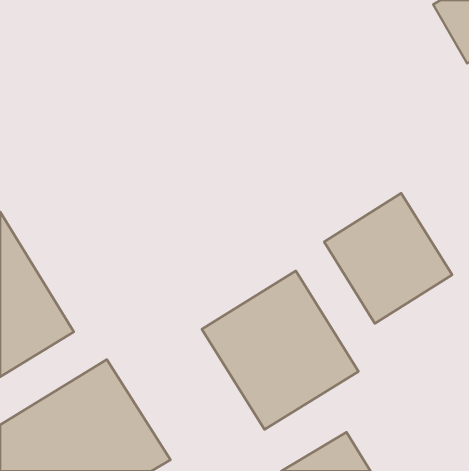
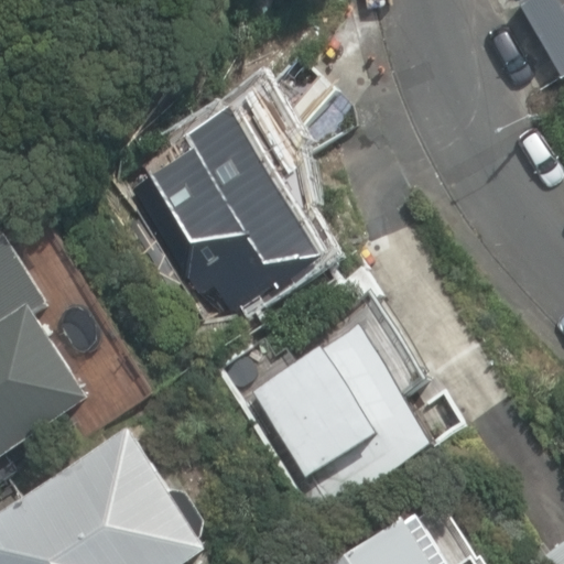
building: none -> [122,107,330,310]
building: [324,193,452,323] -> none

